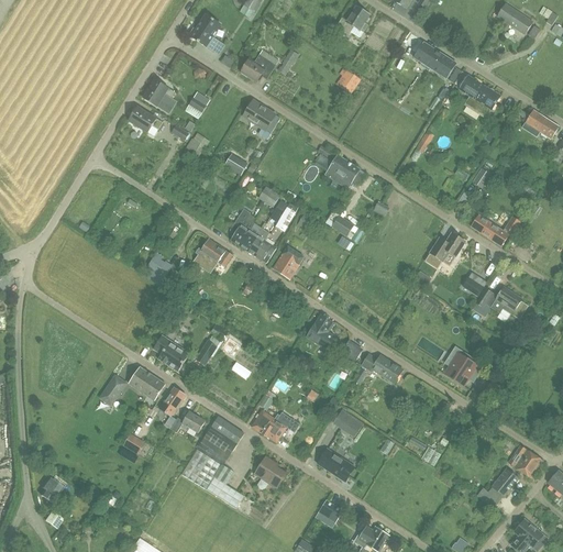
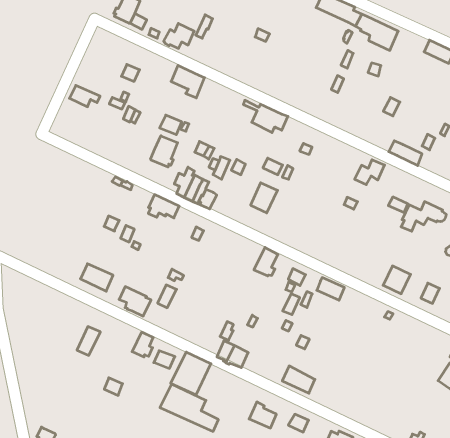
building: [142,78,174,110] -> none
building: none -> [151,136,178,167]
building: [272,244,303,278] -> [251,183,278,213]
building: [128,366,164,399] -> [80,264,113,291]
building: [254,455,285,486] -> [249,402,276,428]

